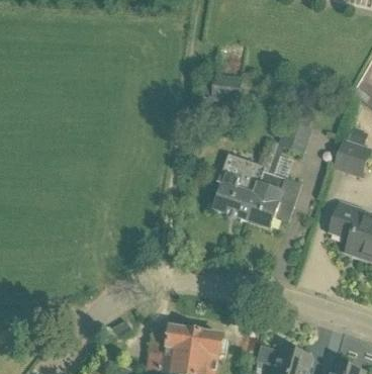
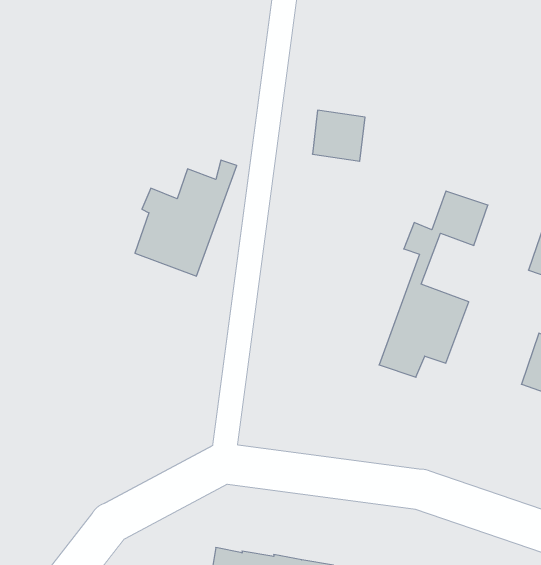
building: [214,154,273,220] -> [135,160,237,276]

